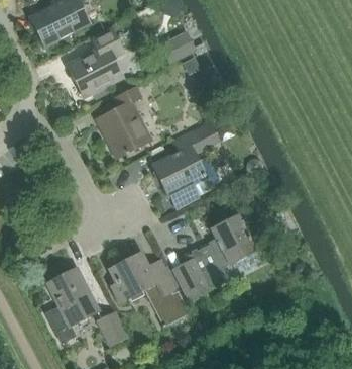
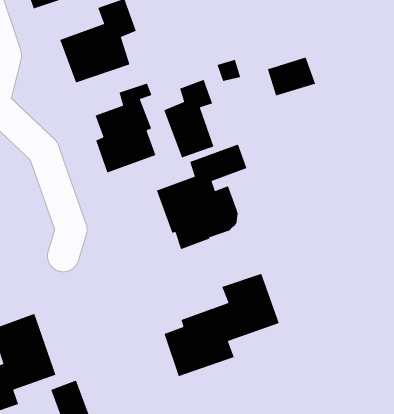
building: [163,30,201,63] -> [267,56,316,96]
building: none -> [163,79,215,159]
building: [110,254,187,322] -> none

